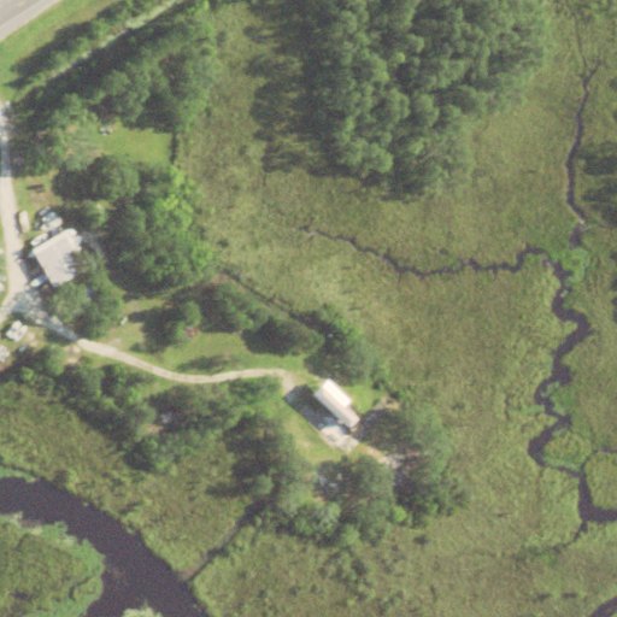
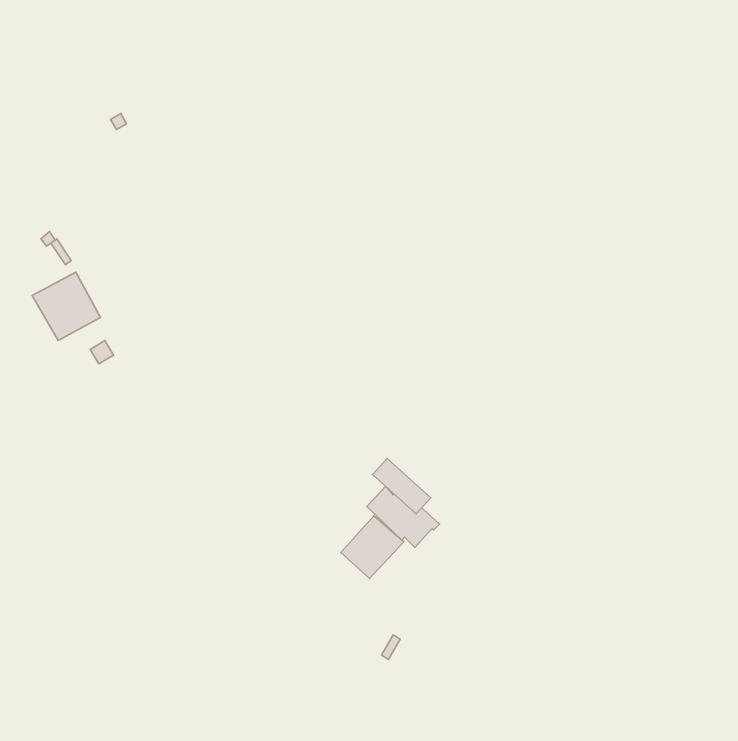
building: none -> [341,516,404,578]

